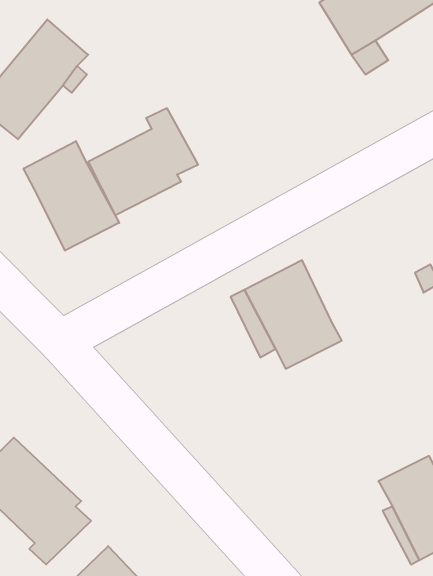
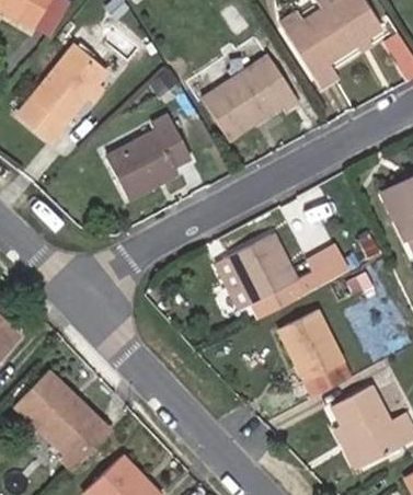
building: none -> [202,56,299,140]
building: [24,141,119,251] -> none
building: none -> [295,244,349,296]
building: none -> [275,308,352,398]

